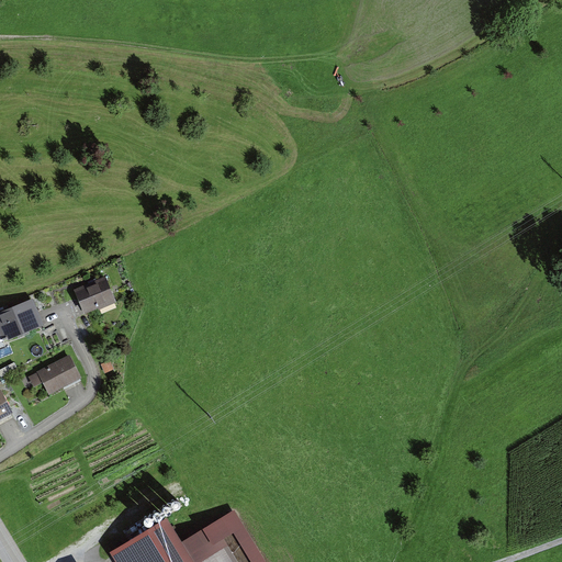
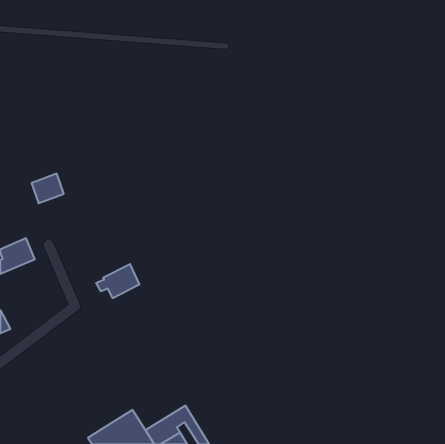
building: [71,278,112,315] -> [32,174,64,203]
building: [26,357,81,400] -> [96,264,140,298]

